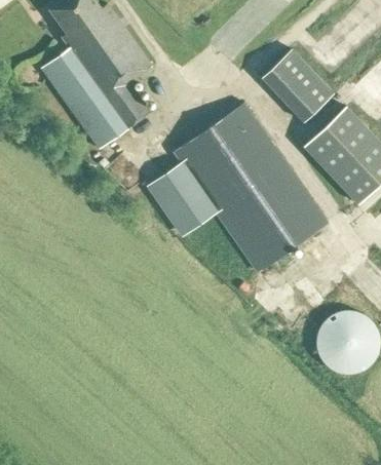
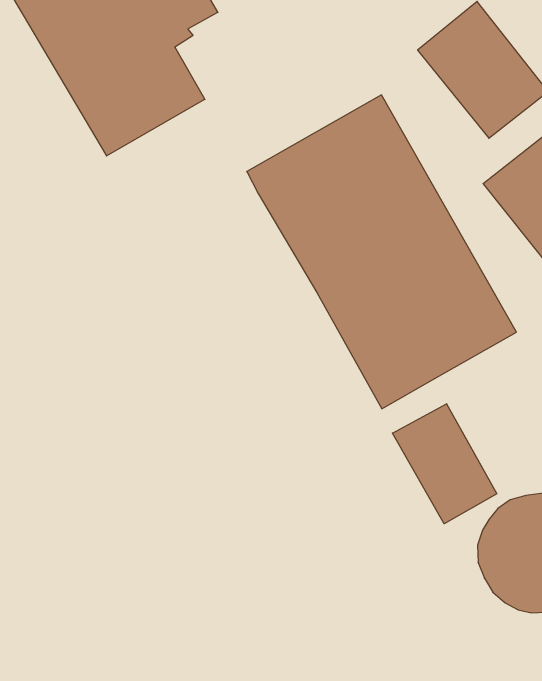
building: [146,162,218,238] -> none
building: none -> [392,404,497,524]

